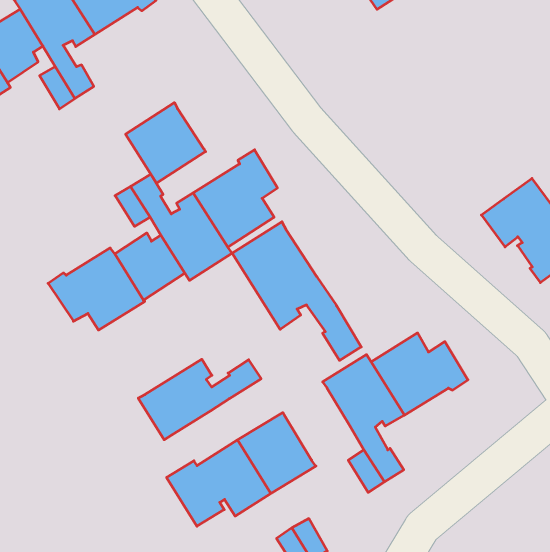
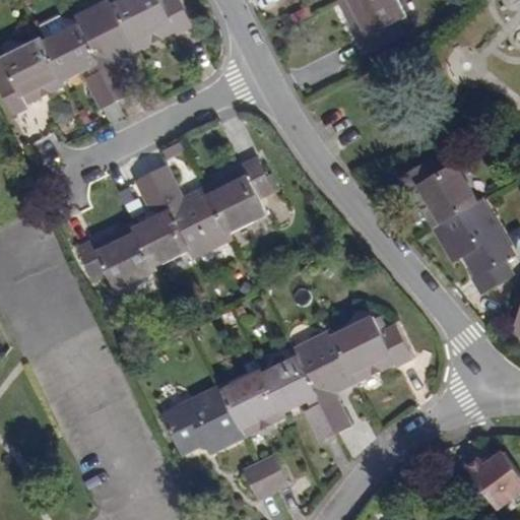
building: [126,103,206,183] -> none
building: none -> [402,159,477,228]
building: [232,222,361,360] -> none
building: [138,359,261,440] -> none
building: none -> [259,353,311,410]

